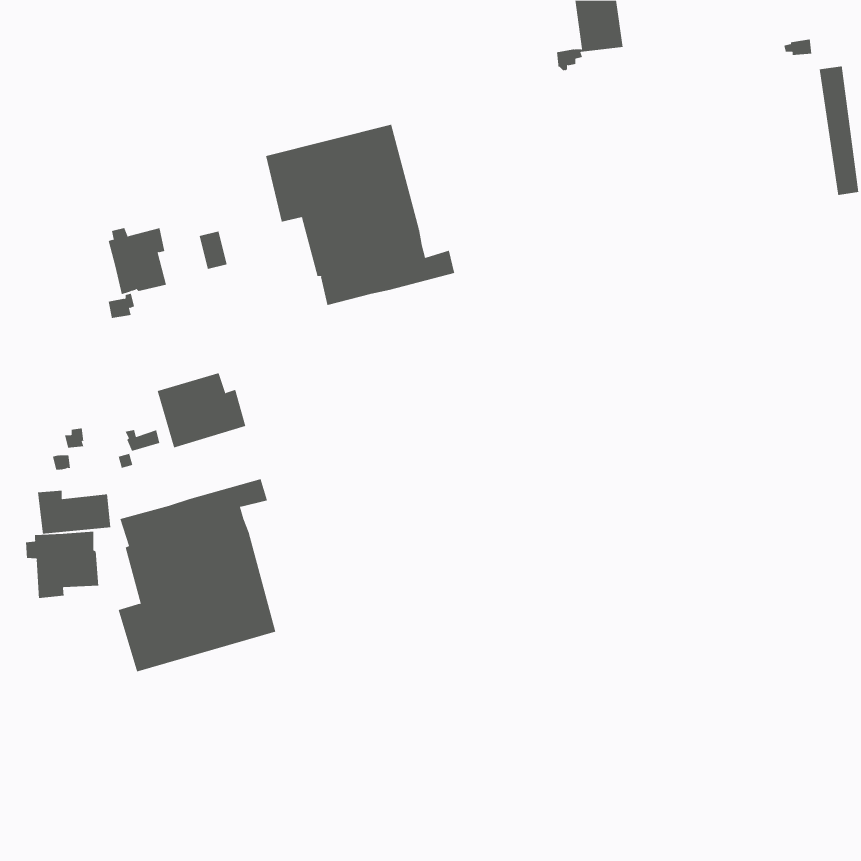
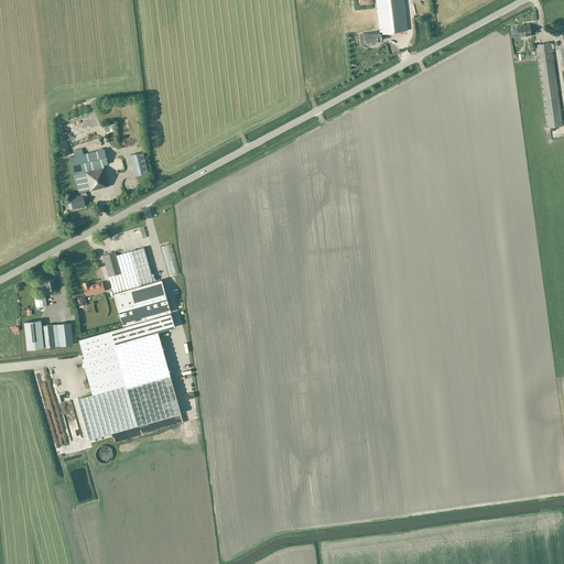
building: [265,124,455,306] -> none
building: none -> [113,279,171,325]
building: [25,531,99,599] -> none

